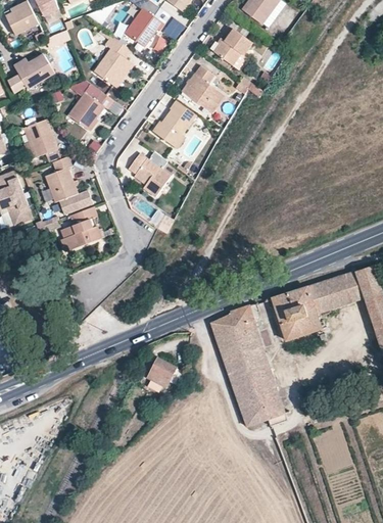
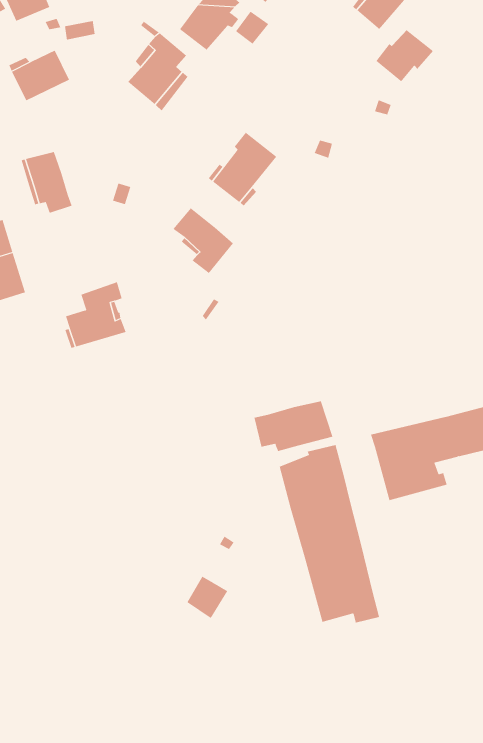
building: [212,30,251,65] -> [376,30,434,82]
building: [182,66,225,113] -> none
building: [69,84,113,129] -> none
building: [45,156,93,213] -> none
building: none -> [254,401,333,452]
building: [147,358,175,386] -> [186,576,228,619]

